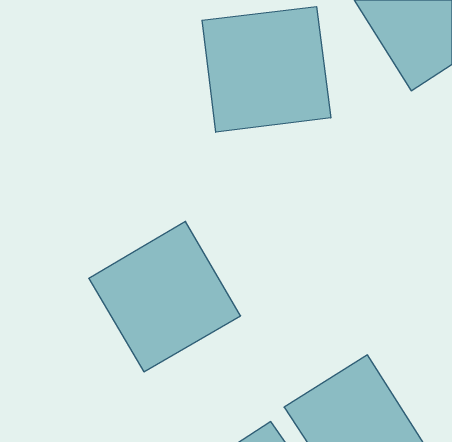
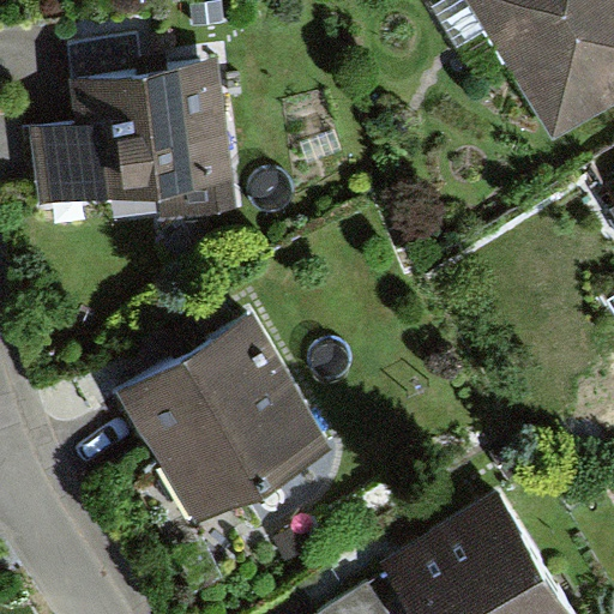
building: [202,7,331,132] -> none
building: none -> [32,61,233,218]

